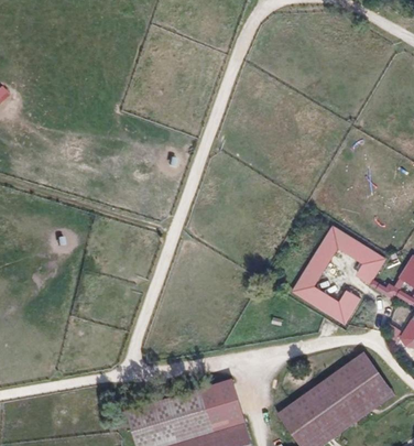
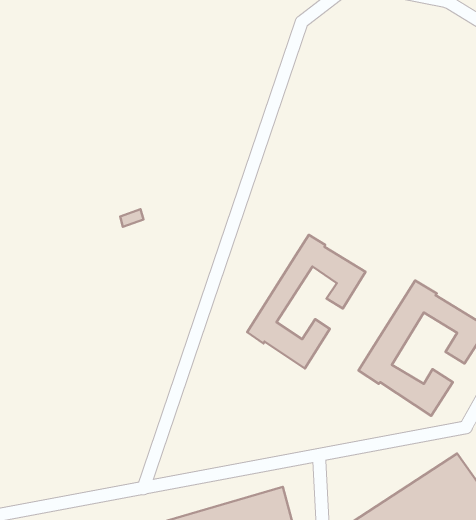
building: none -> [247,235,366,368]

